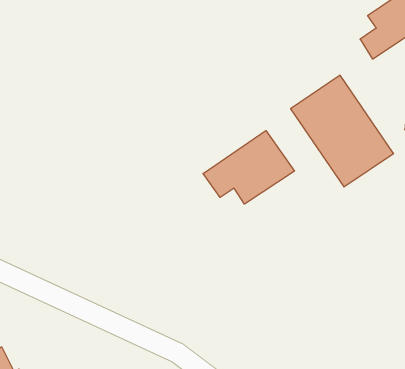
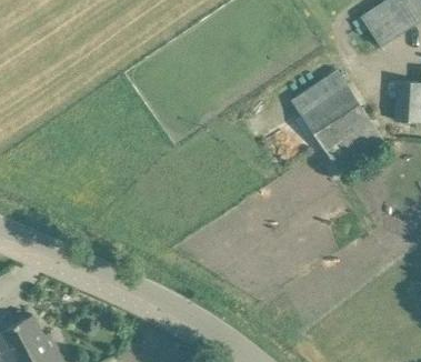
building: [203,131,295,204] -> none

